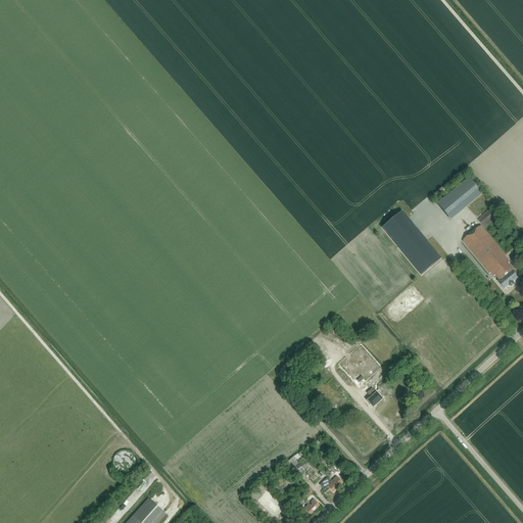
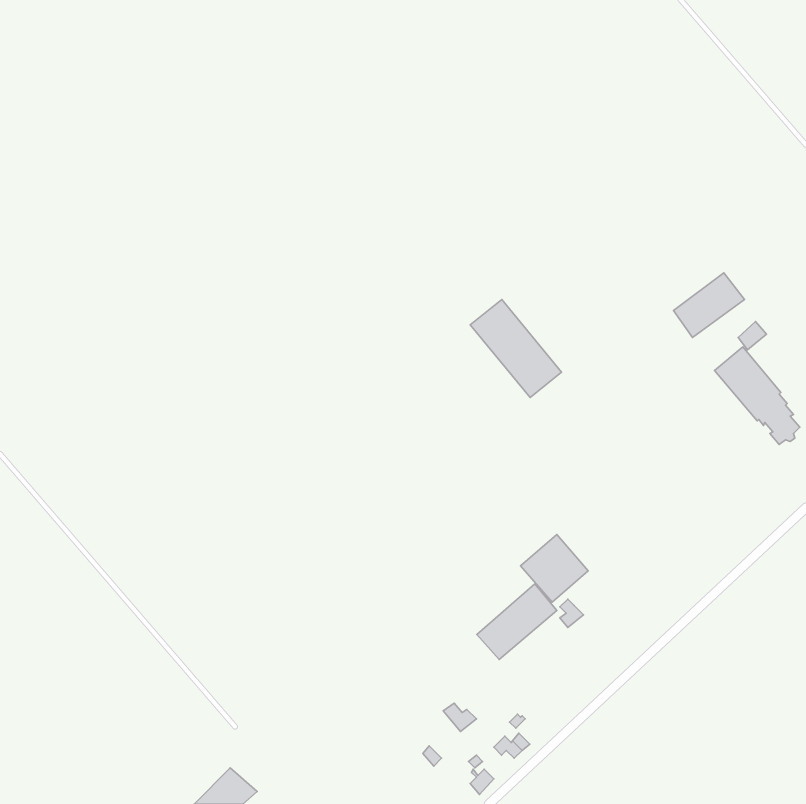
building: [382,210,441,274] -> [470,300,562,397]
building: none -> [477,584,557,659]

